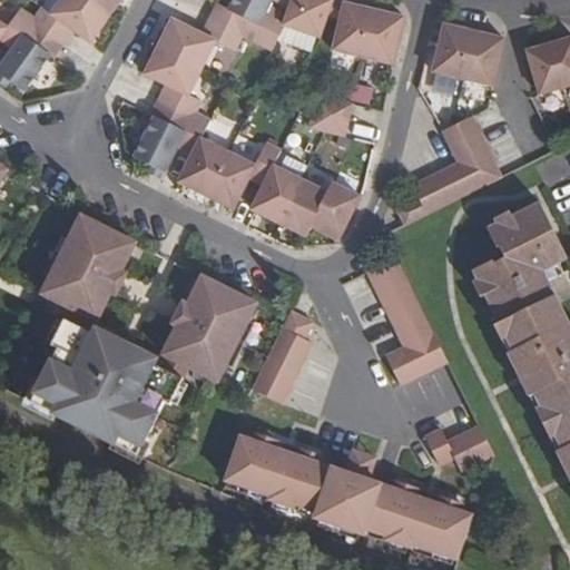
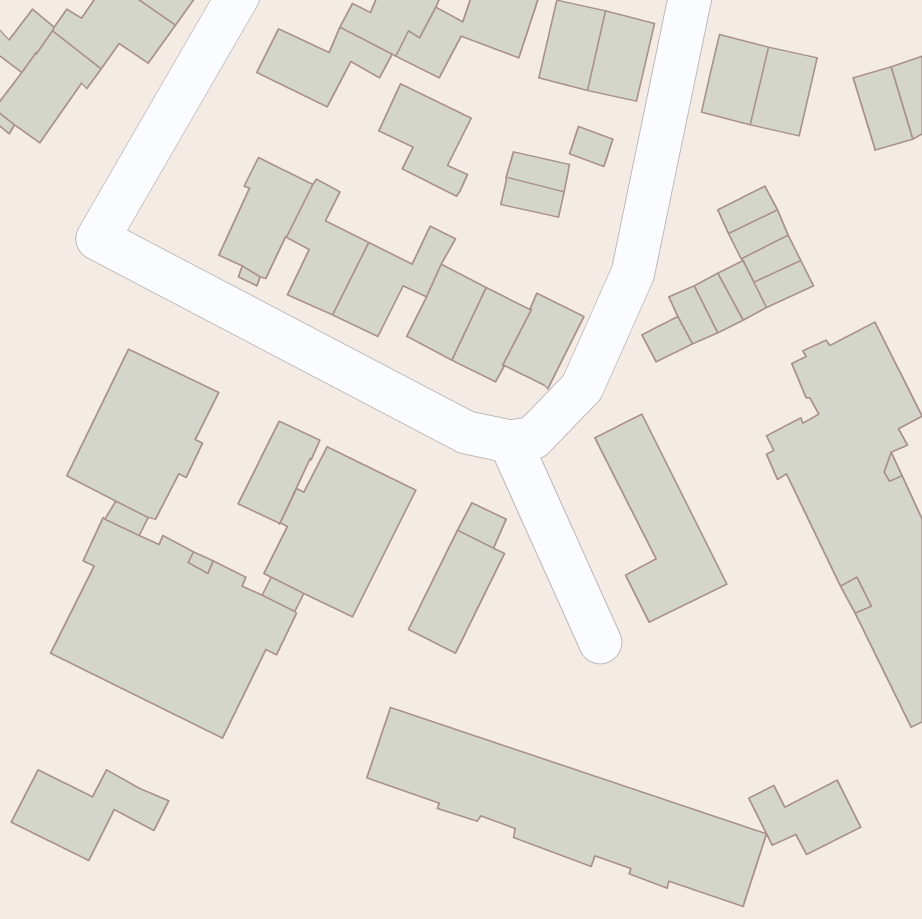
building: [145,45,202,114] -> [379,84,471,196]
building: none -> [238,421,320,524]
building: [424,423,493,469] -> [749,780,861,854]
building: none -> [11,770,169,861]

